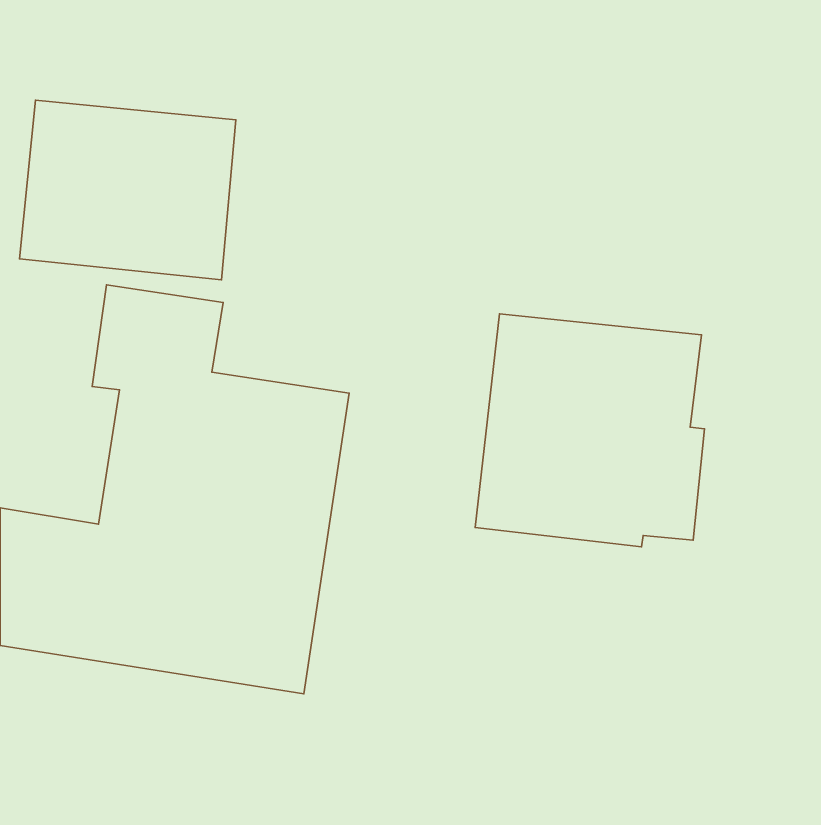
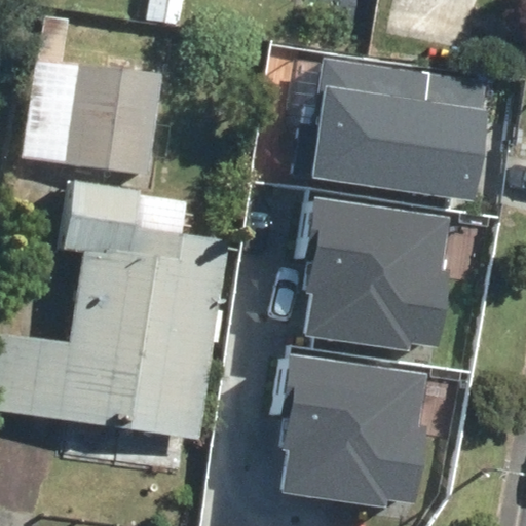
building: none -> [316,60,491,197]
building: none -> [281,354,427,502]

